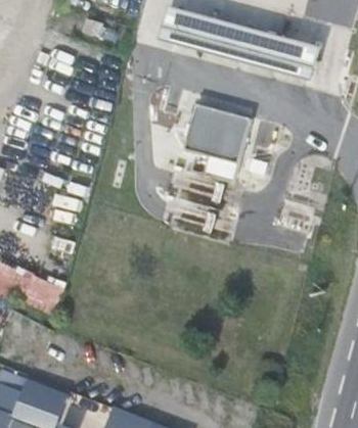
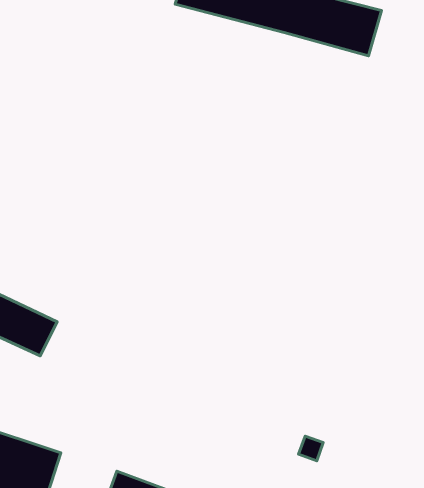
building: [183,104,248,164] -> none

